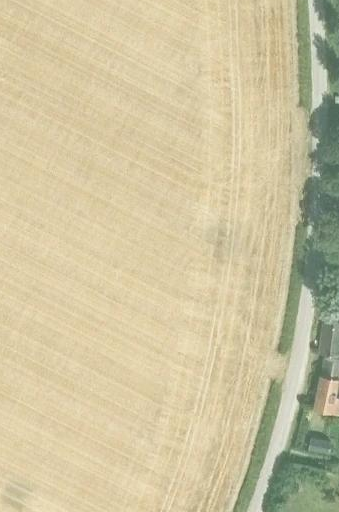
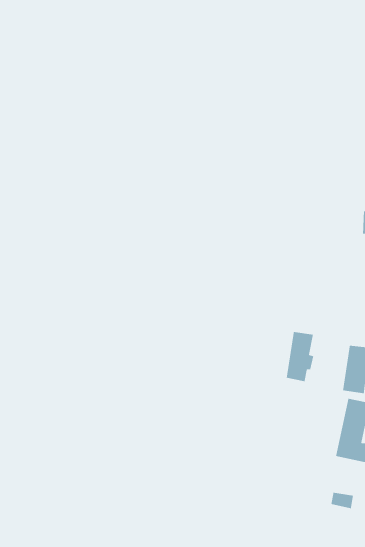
building: none -> [286,331,314,382]

